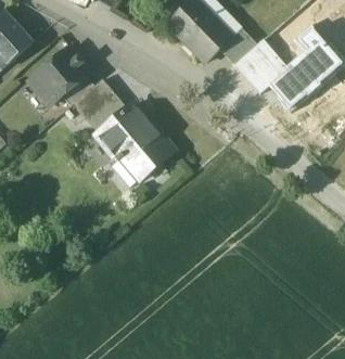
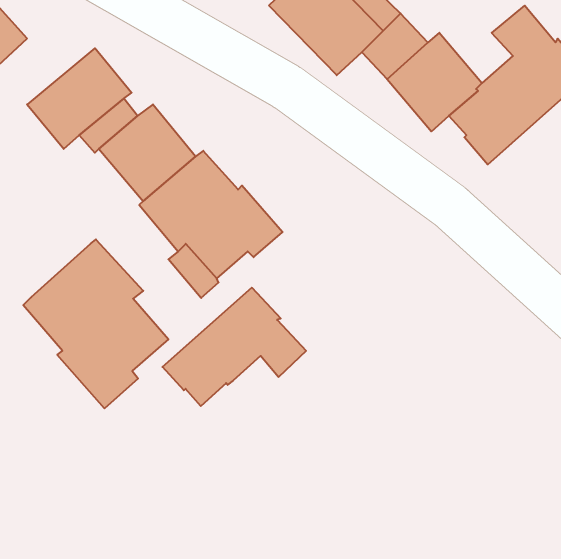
building: none -> [23,239,168,408]
building: none -> [162,288,306,406]

